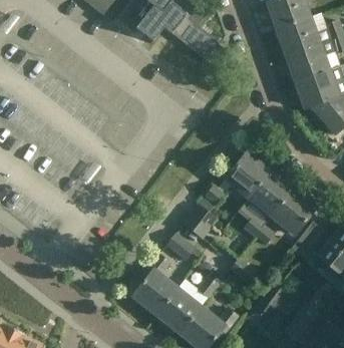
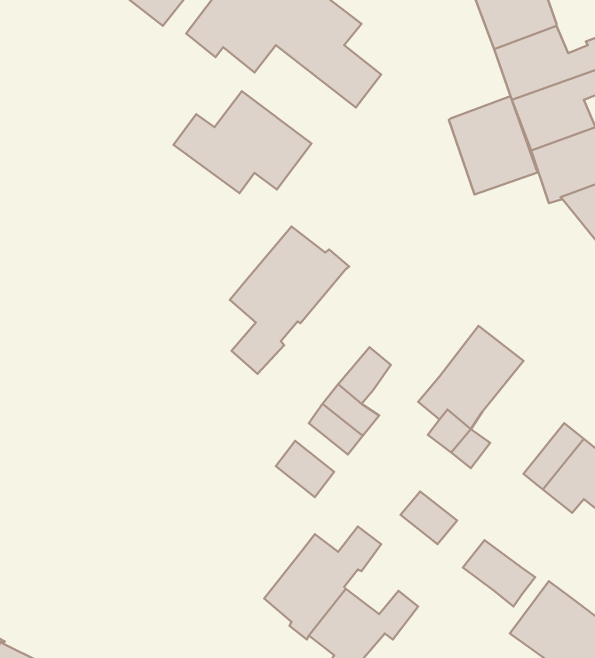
building: none -> [174,91,311,193]
building: none -> [449,96,538,195]
building: none -> [230,227,349,374]
building: [225,153,269,199] -> none
building: [271,191,316,236] -> none
building: [132,255,178,313] -> none

